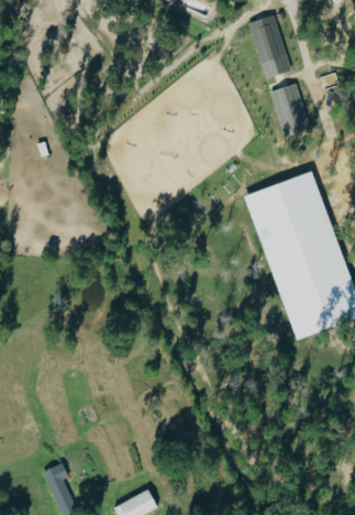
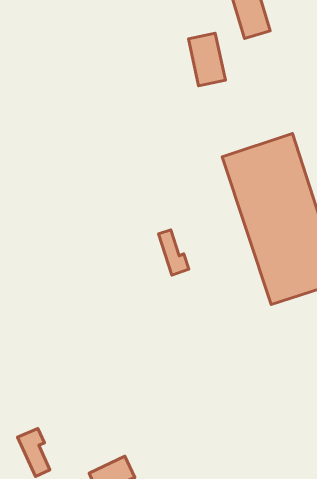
building: [271,85,308,136] -> [188,33,225,86]
building: none -> [158,230,189,275]

